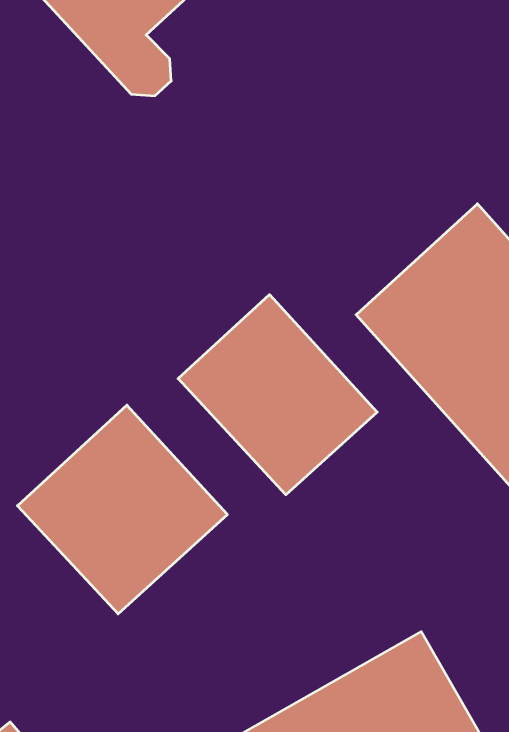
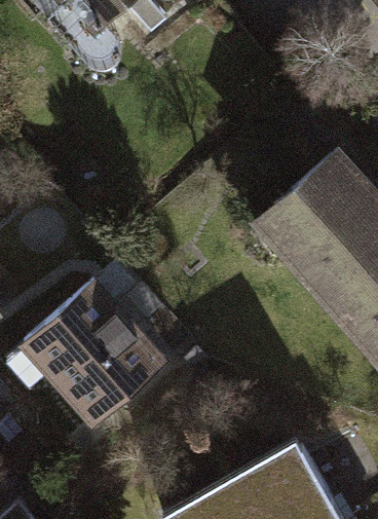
building: [178,295,377,495] -> none

